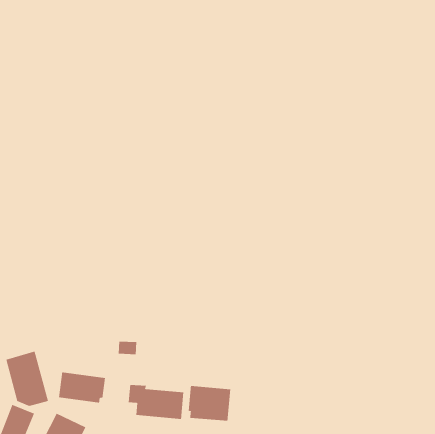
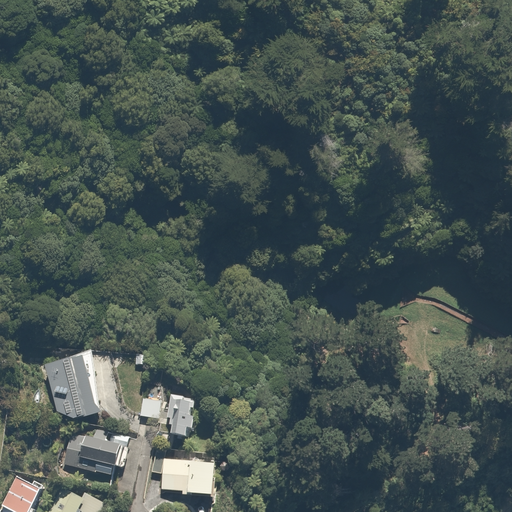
building: none -> [166,395,195,433]
building: [5,351,49,406] -> [45,353,96,418]
building: [188,385,231,421] -> none

